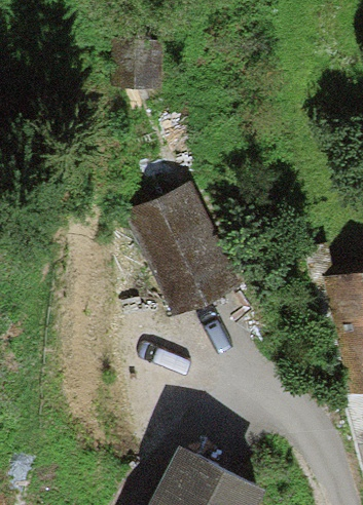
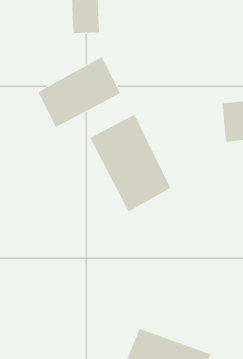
building: none -> [38,56,121,128]

